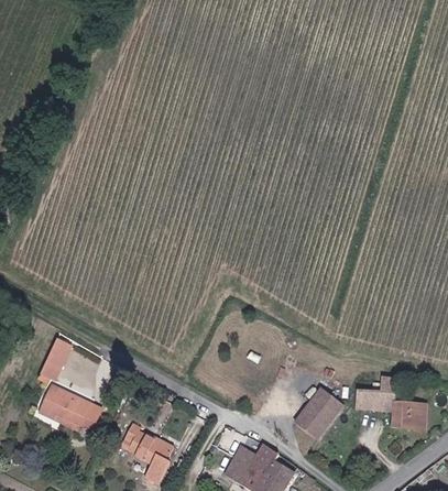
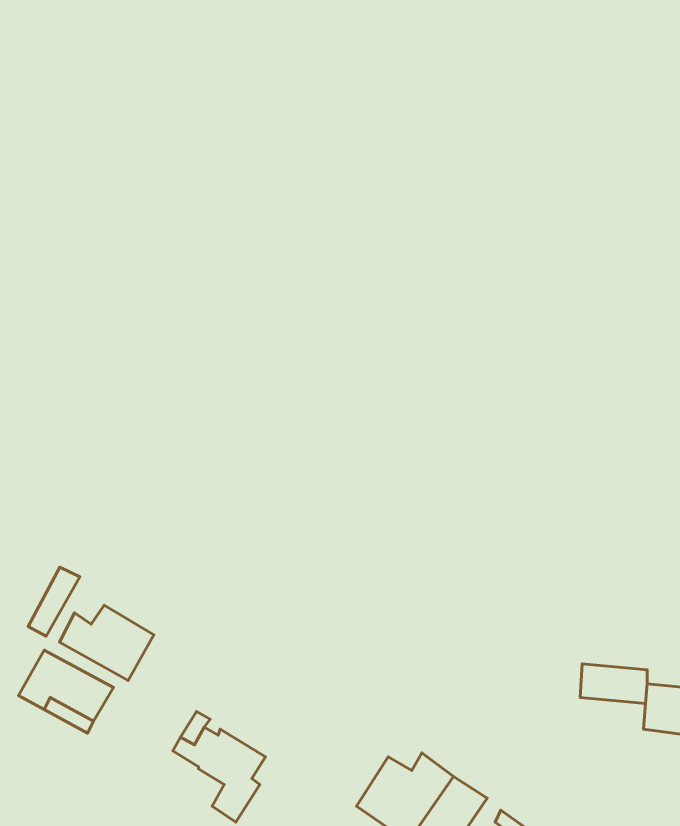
building: none -> [60,605,154,680]
building: [289,389,338,440] -> none

